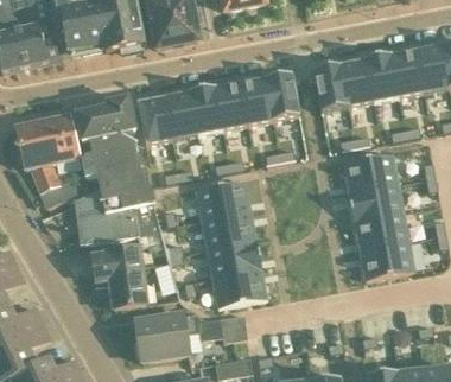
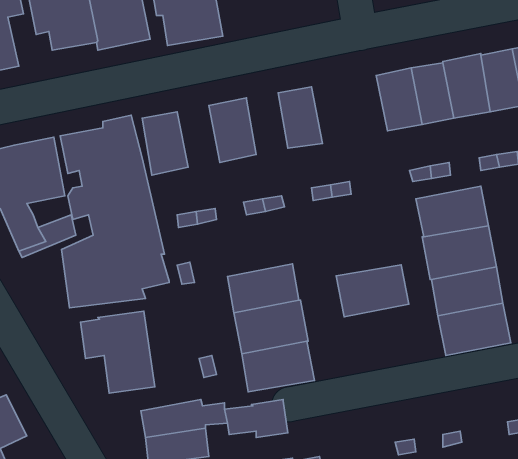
building: [265,72,299,120] -> none
building: [216,82,247,128] -> none
building: [164,91,196,138] -> none
building: [196,180,250,219] -> [336,265,409,317]

